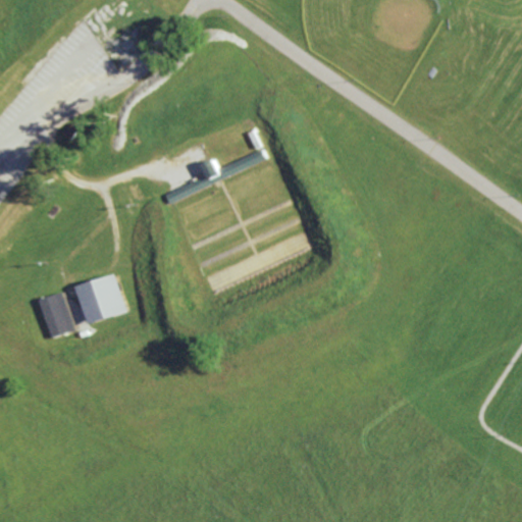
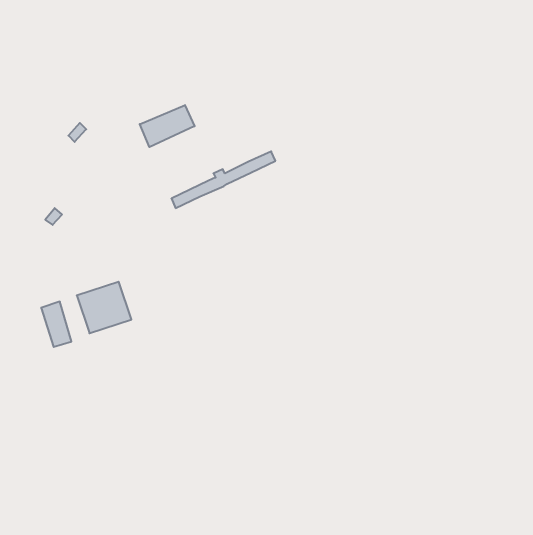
building: none -> [140,105,195,147]

